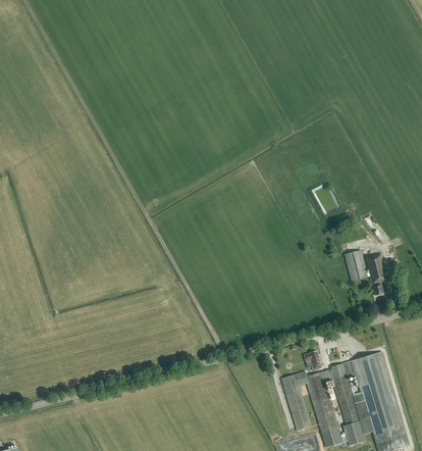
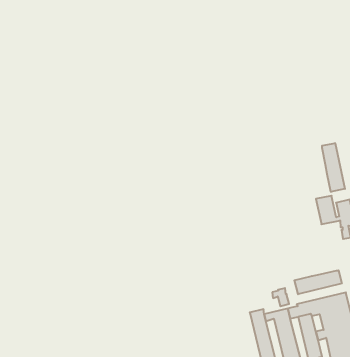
building: none -> [322,143,345,192]
building: none -> [294,270,342,294]

